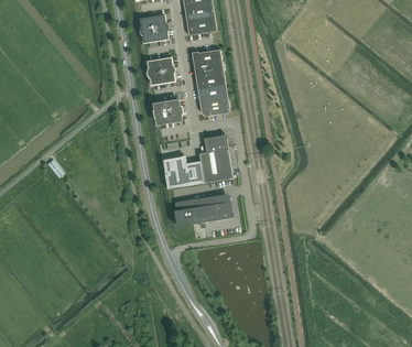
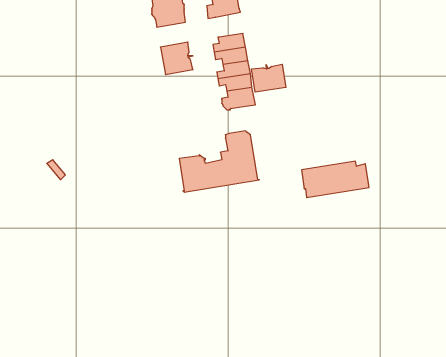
building: none -> [252,64,286,92]
building: [153,99,181,123] -> none
building: [172,194,231,226] -> [302,161,369,198]

